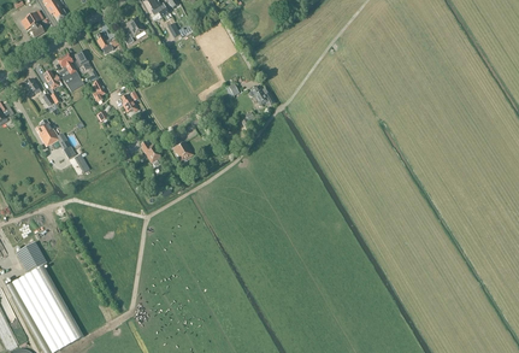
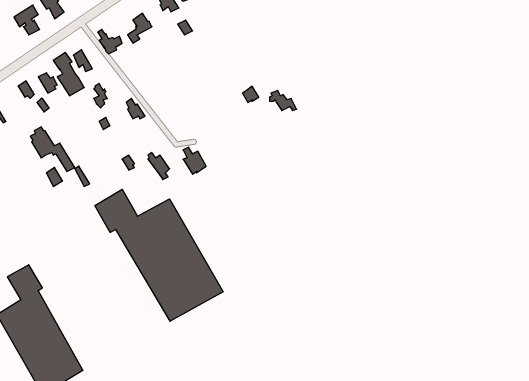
building: none -> [95,189,223,321]

